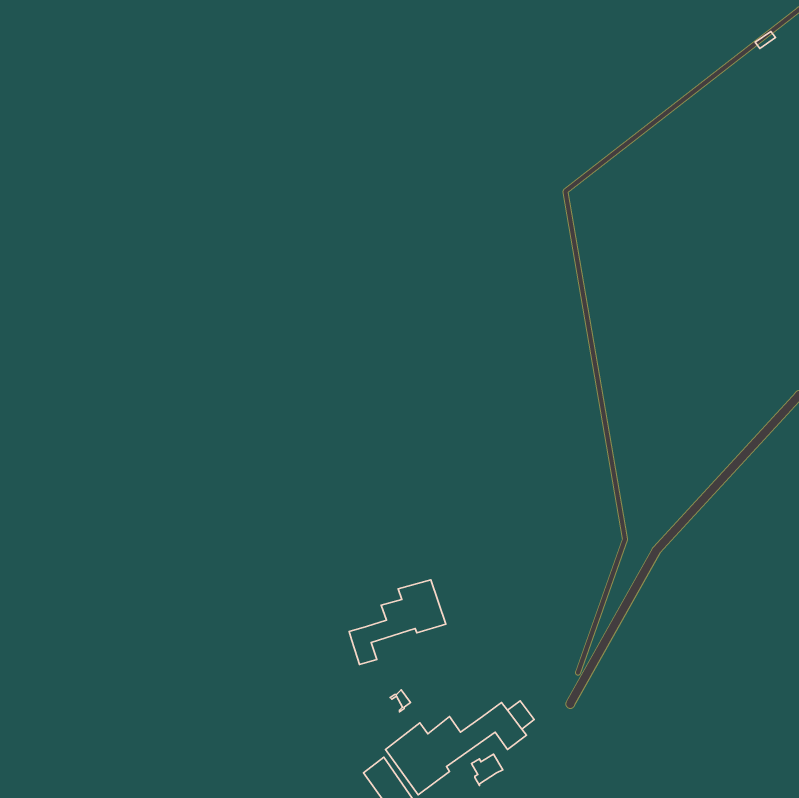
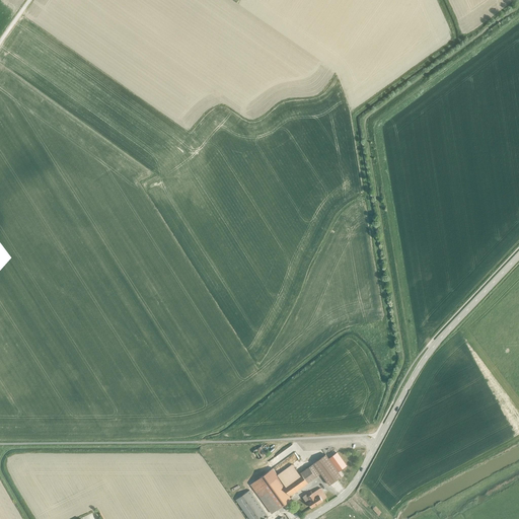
building: [349,580,446,665] -> none

